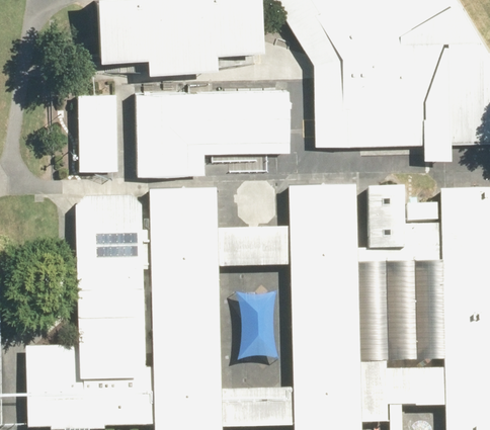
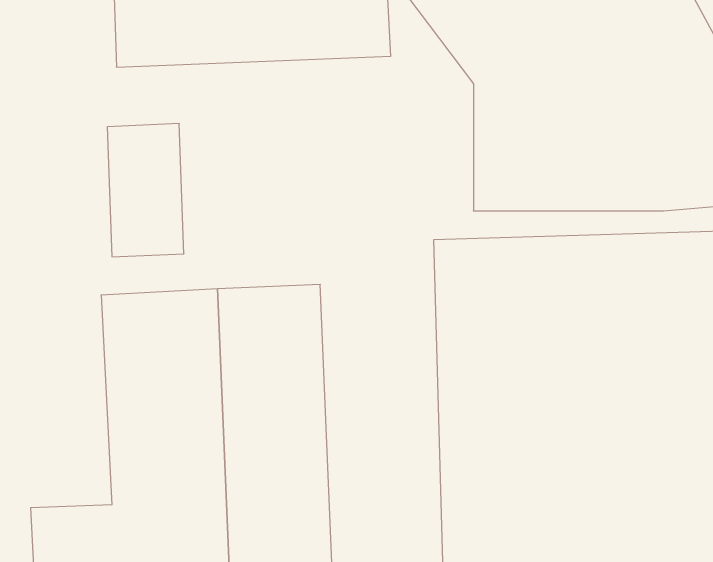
building: [143,79,291,179] -> none

